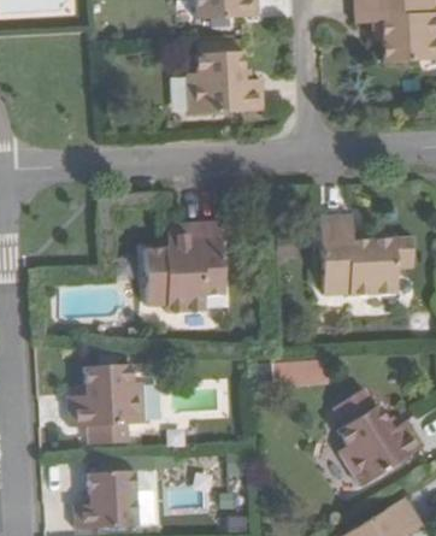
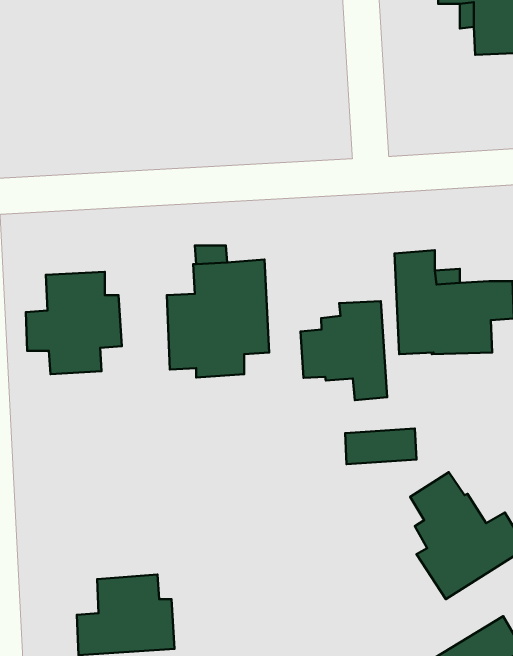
building: [188,41,264,113] -> none
building: none -> [301,301,387,400]
building: [70,365,145,444] -> [26,272,122,374]

